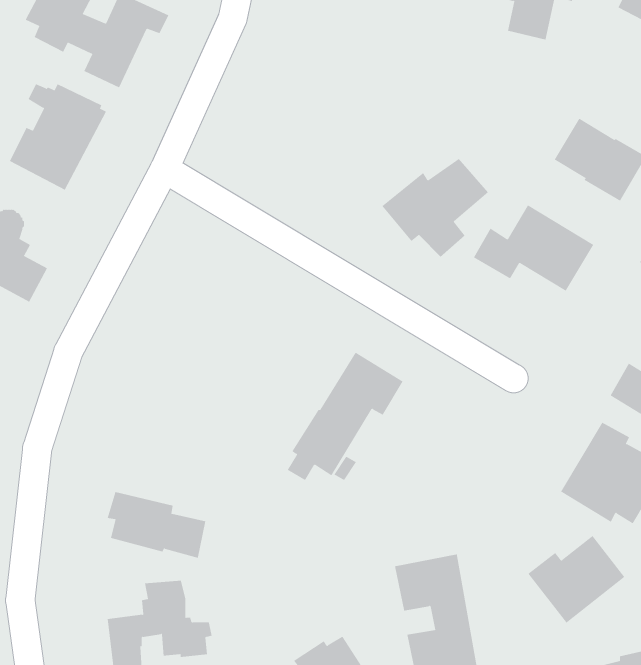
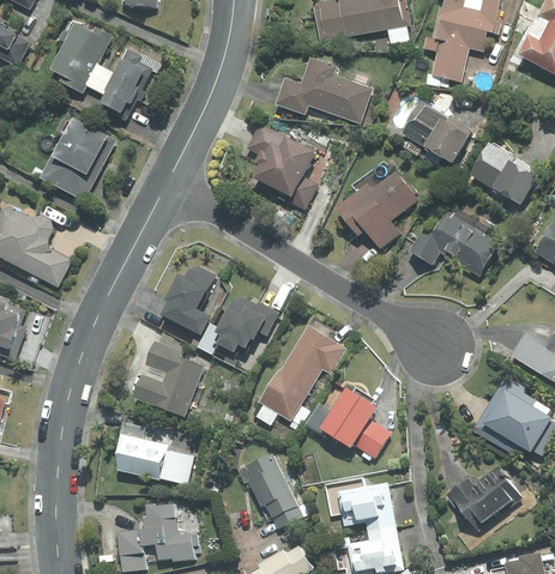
building: none -> [270,60,368,126]
building: none -> [397,107,466,169]
building: none -> [241,125,315,211]
building: none -> [164,274,216,336]
building: none -> [210,290,279,354]
building: none -> [137,340,206,417]
building: none -> [326,386,392,460]
building: none -> [248,453,308,527]

